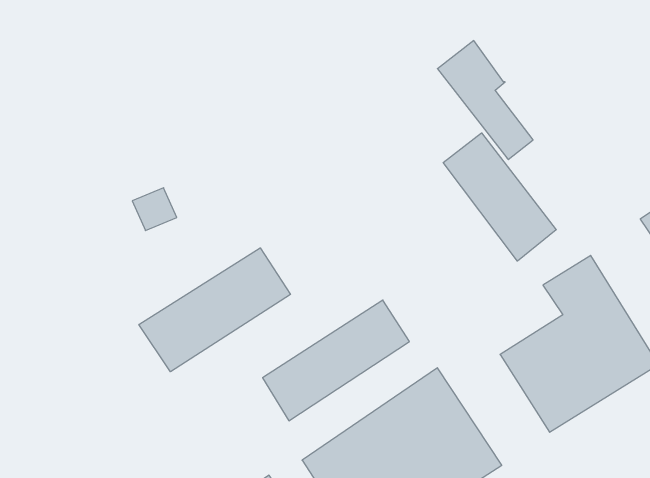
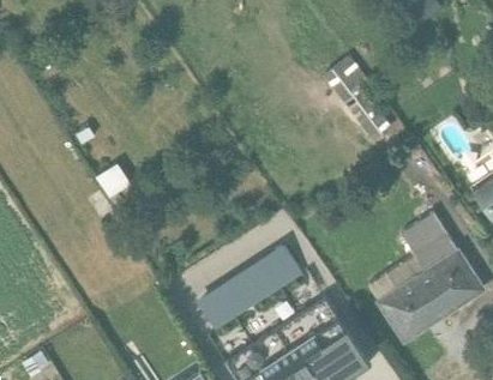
building: [443,133,556,261] -> none
building: [139,248,290,372] -> none

